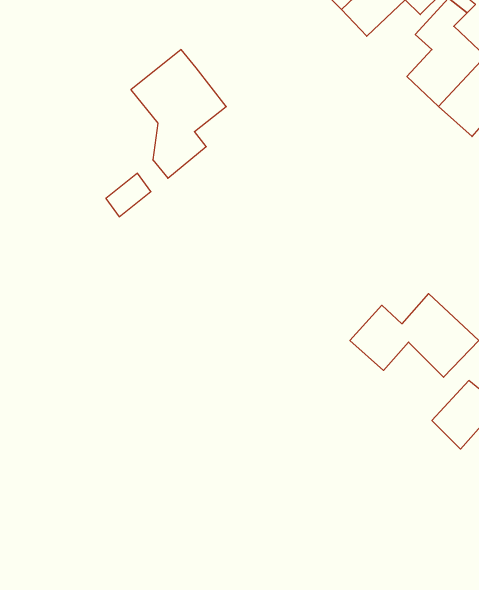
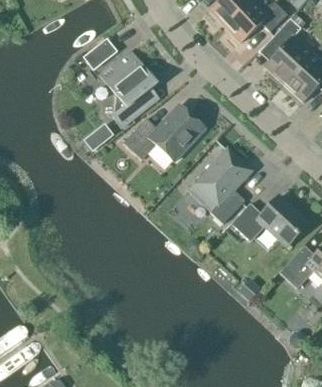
building: none -> [82,38,118,71]
building: none -> [123,105,205,161]
building: none -> [194,149,251,224]

